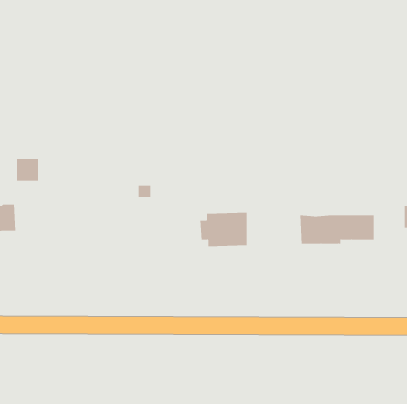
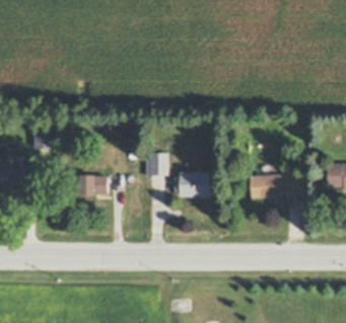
building: none -> [146,153,168,175]
building: none -> [79,175,108,195]

